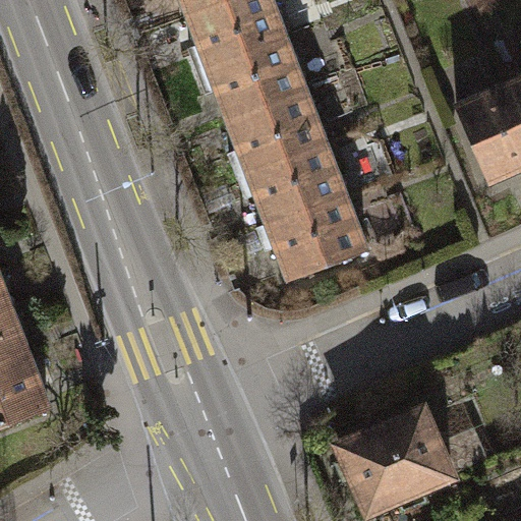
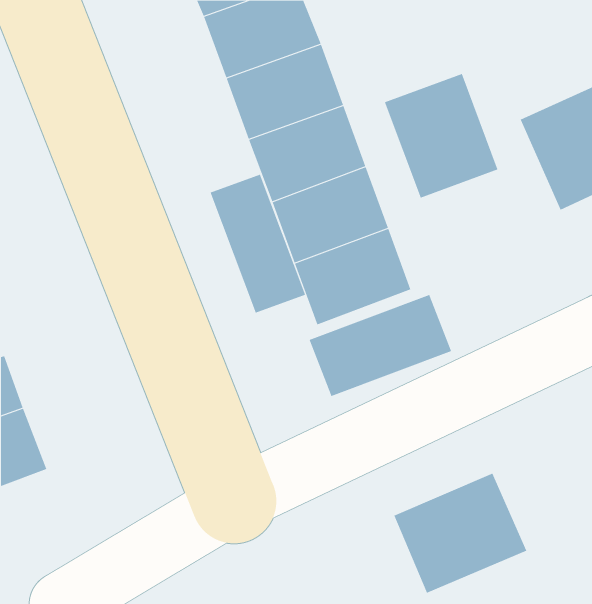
building: none -> [384,73,498,199]
building: none -> [210,174,306,314]
building: none -> [309,294,452,397]

